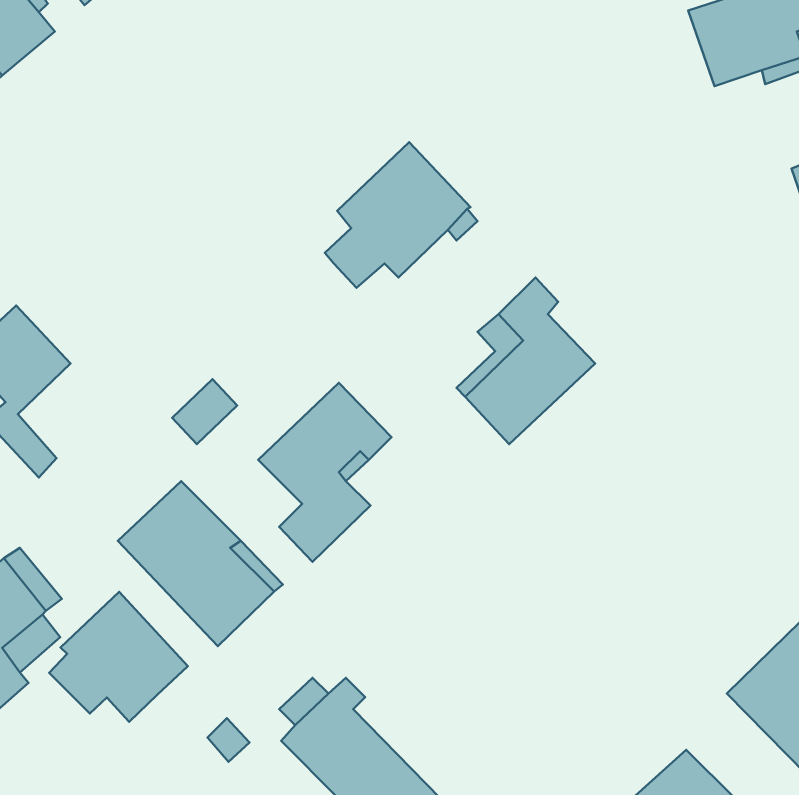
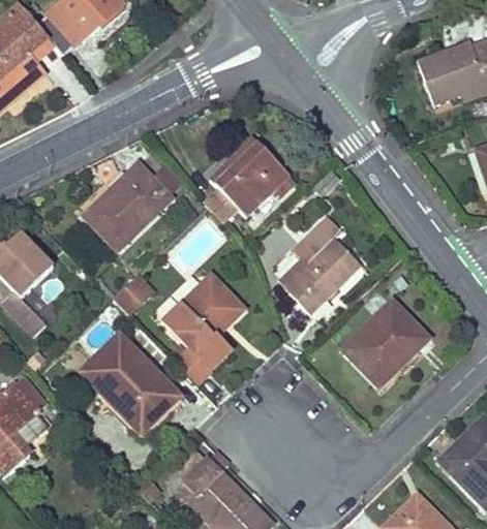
building: none -> [83,163,184,250]
building: none -> [343,300,427,384]
building: [49,592,188,722] -> none

